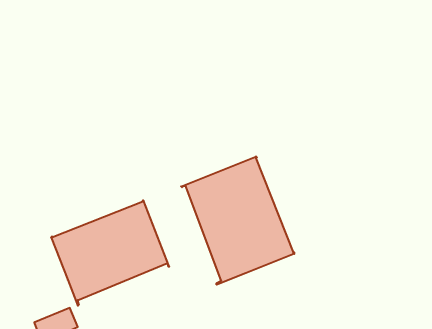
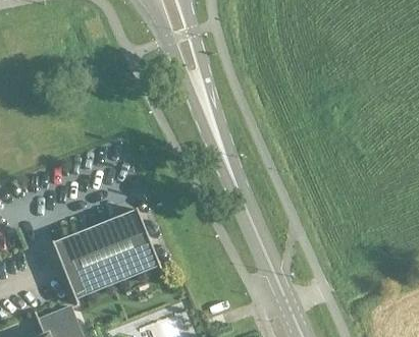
building: [181,156,294,285] -> none

